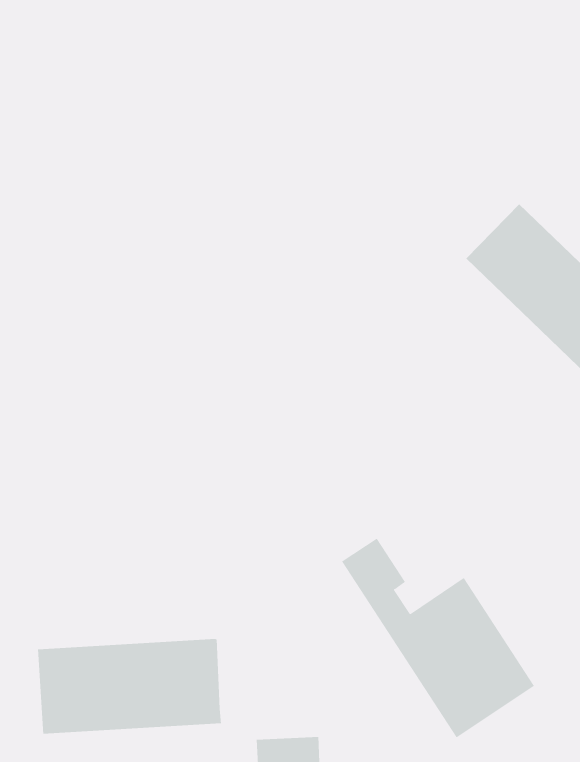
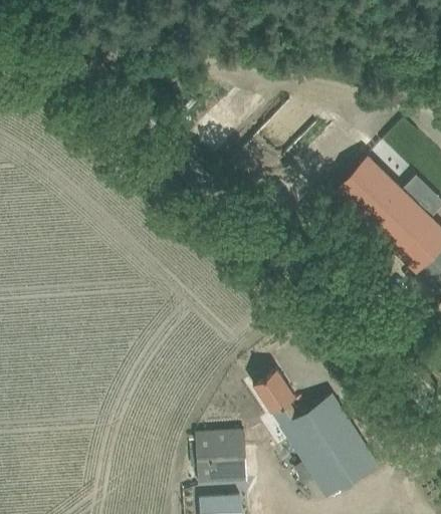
building: none -> [198,431,247,484]
building: [38,638,221,735] -> none

